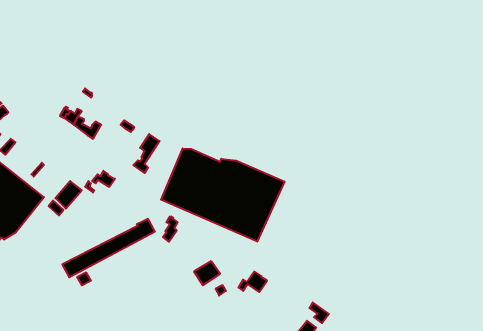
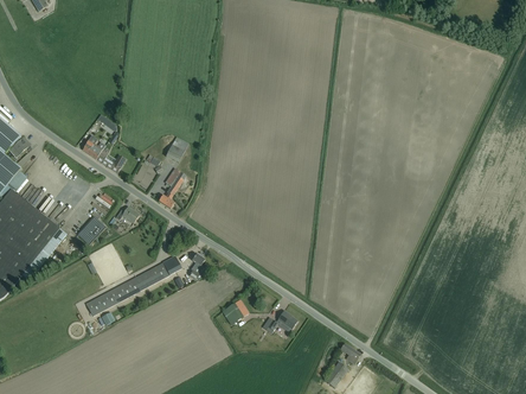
building: [161,148,284,242] -> none

